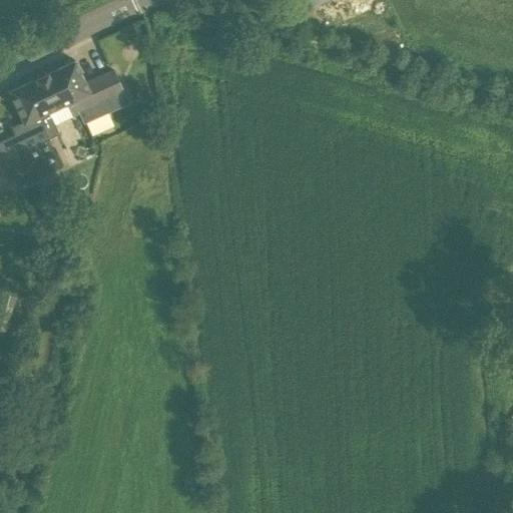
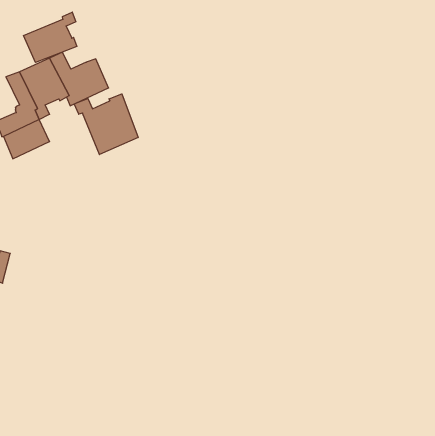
building: none -> [24,12,77,62]
building: none -> [74,94,138,155]

